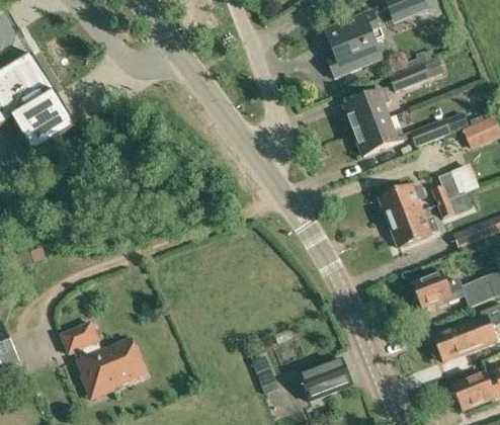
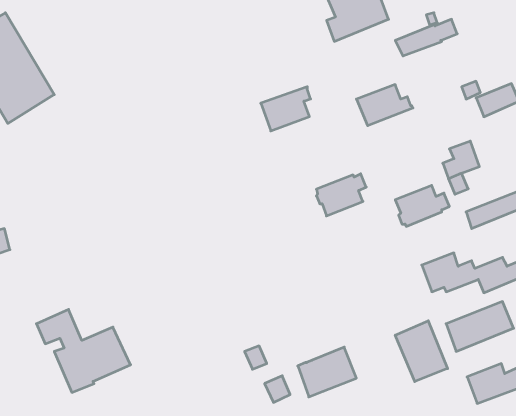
building: [343,89,389,130] -> [261,87,311,131]
building: [409,116,450,146] -> none
building: [379,183,424,222] -> [316,174,366,216]
building: none -> [395,321,448,382]

